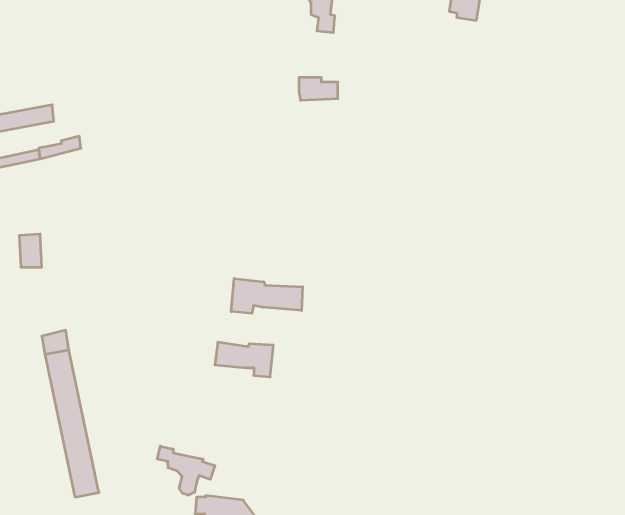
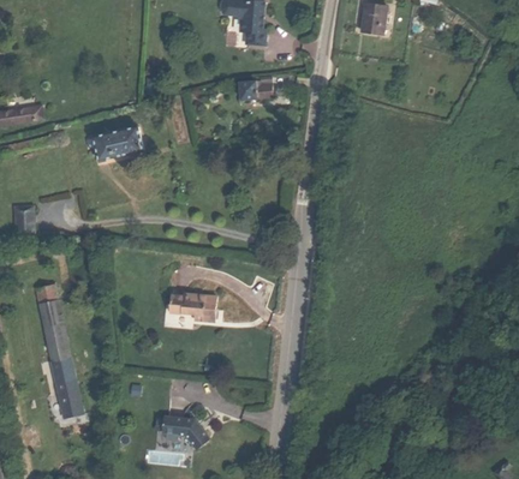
building: none -> [89,126,143,160]
building: [231,278,303,313] -> none
building: [157,446,215,495] -> none

